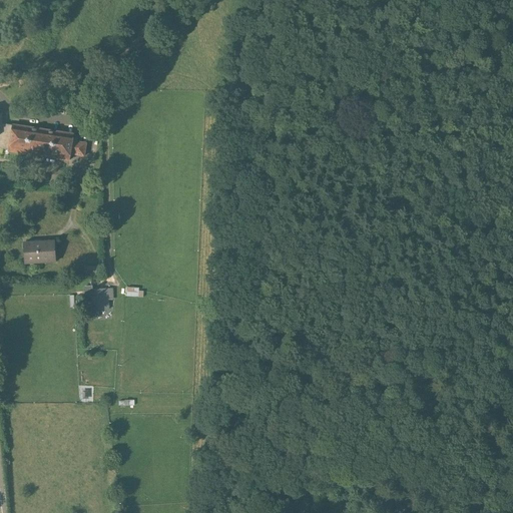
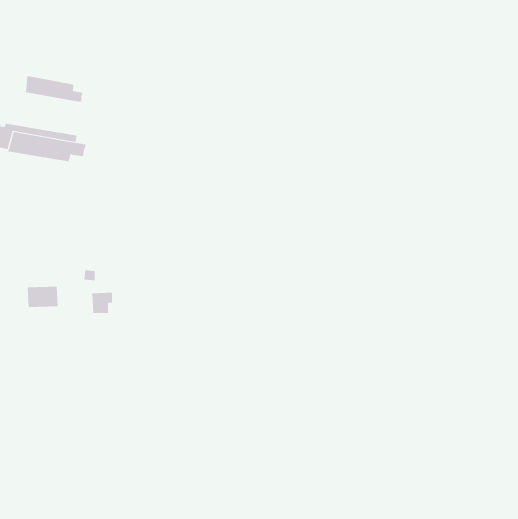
building: none -> [25,75,83,103]
building: [22,241,53,263] -> [27,286,58,307]

